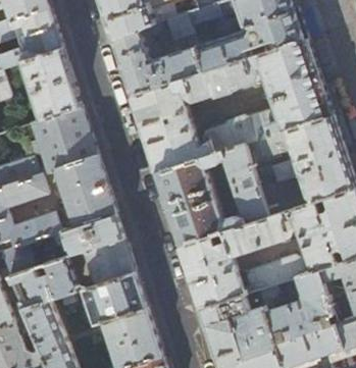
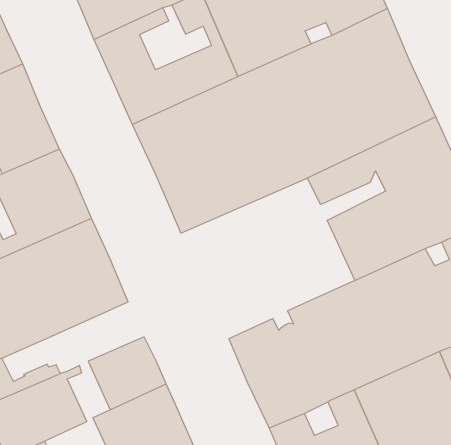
building: [155,146,267,247] -> none
building: [62,215,123,257] -> none

